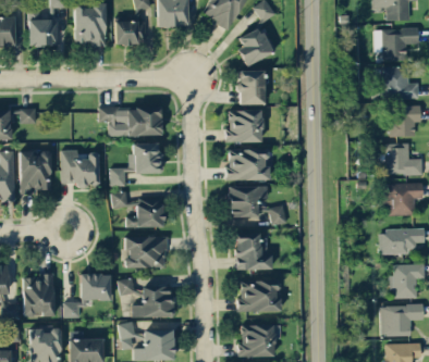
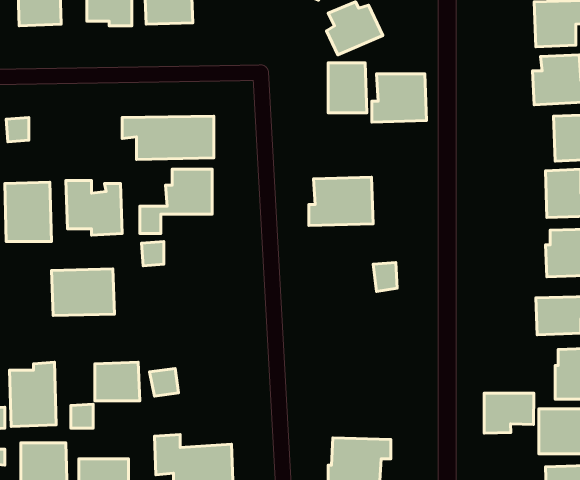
building: [225,111,262,143] -> [372,74,427,122]
building: [228,187,268,220] -> none
building: [126,198,163,228] -> none
building: [235,235,272,271] -> none
building: [124,237,167,269] -> [52,269,114,316]
building: [237,280,279,313] -> none
building: [133,287,173,319] -> none
building: none -> [484,393,534,433]

